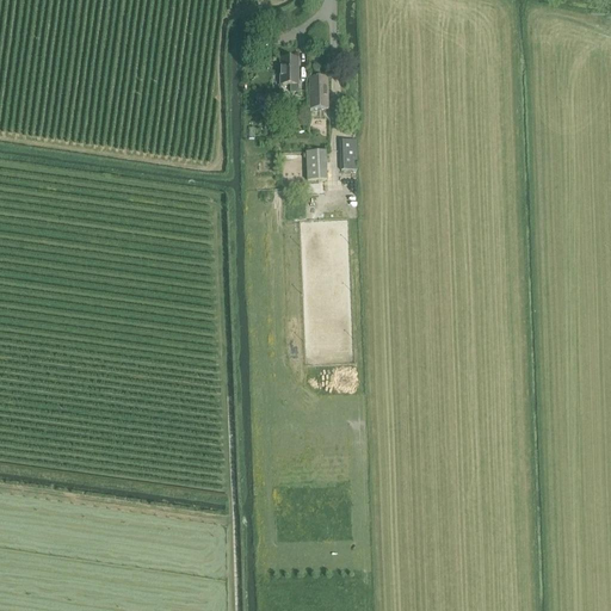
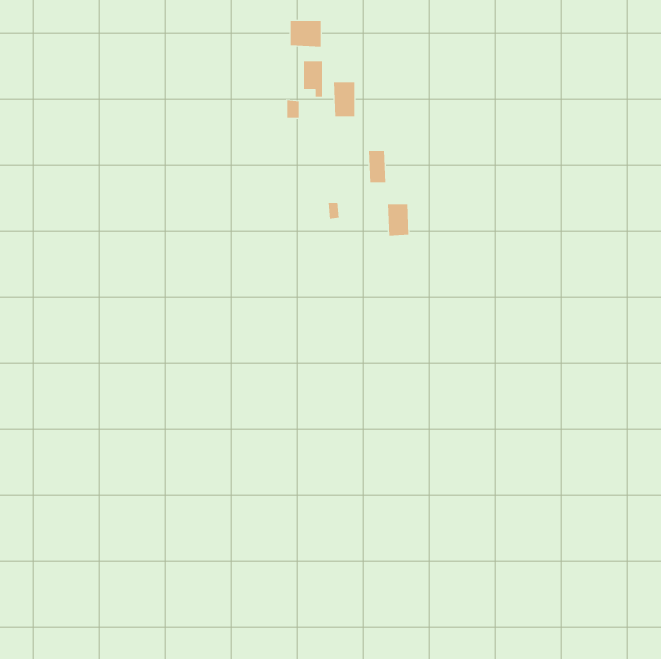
building: none -> [290,20,321,47]
building: [306,149,326,179] -> [387,204,409,236]

